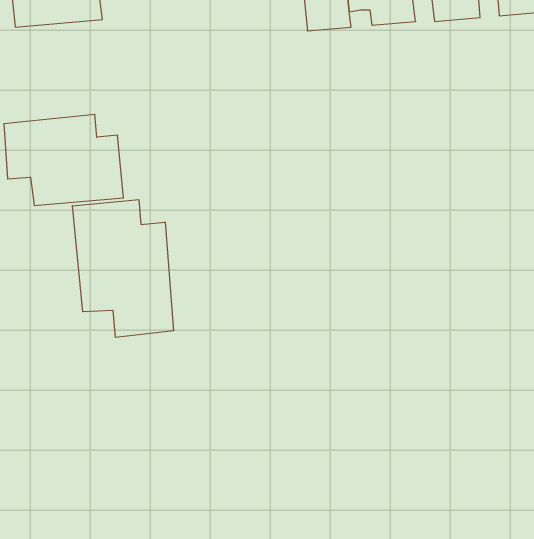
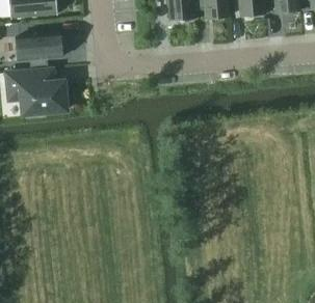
building: none -> [16,32,60,65]
building: [72,200,174,337] -> none

